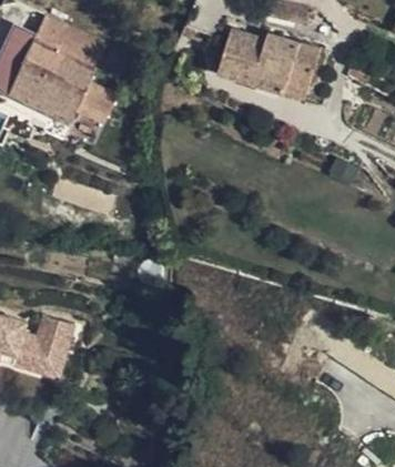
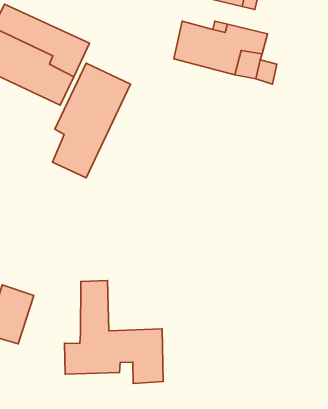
building: none -> [52,63,131,178]
building: none -> [64,280,163,384]

